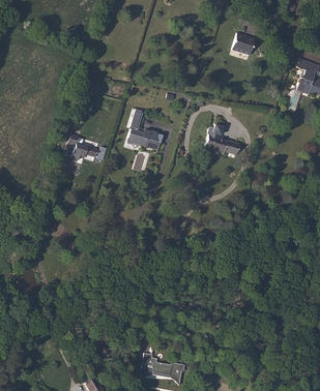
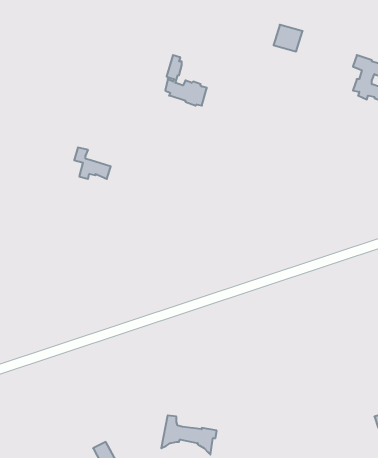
building: [128,108,163,149] -> [165,55,207,106]
building: [205,123,239,154] -> none

